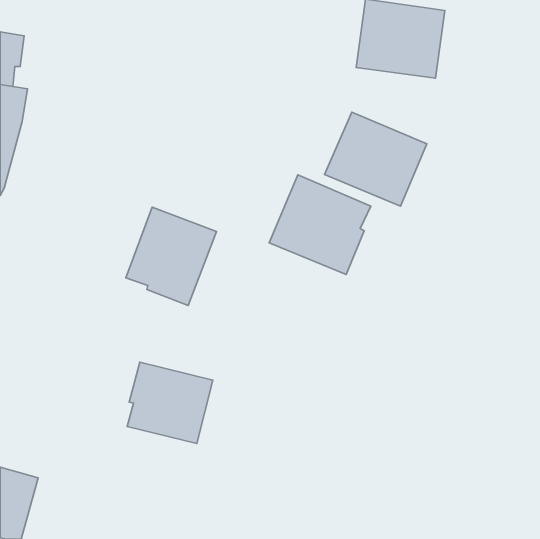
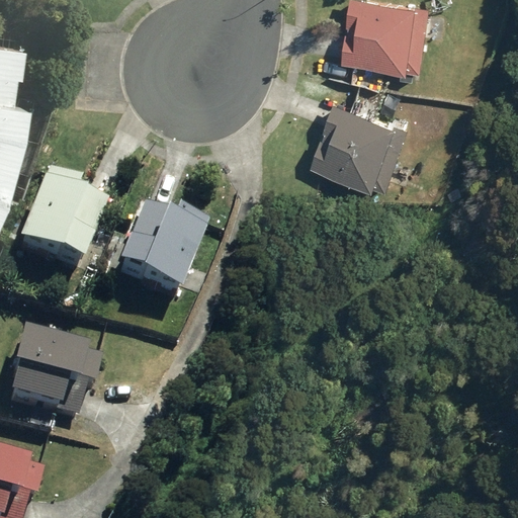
building: [269,175,371,274] -> none
building: none -> [21,172,108,261]
building: [127,362,213,443] -> [12,329,94,407]

